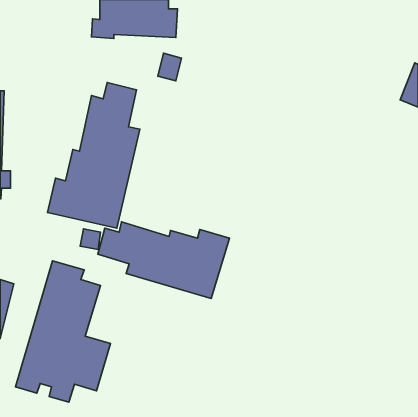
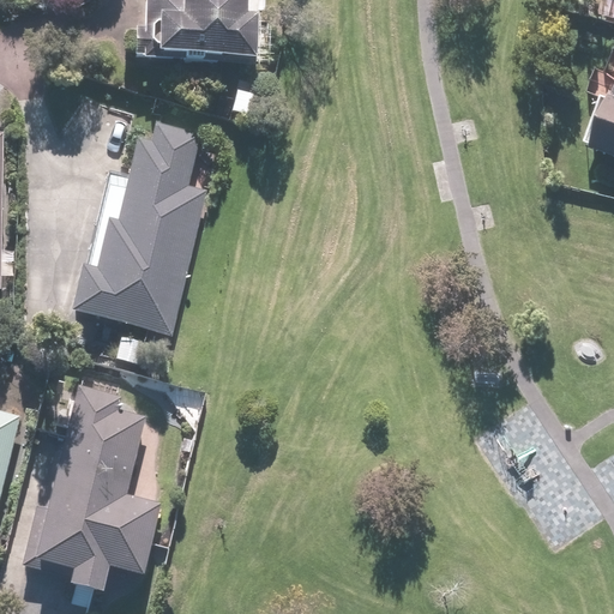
building: [98,222,229,298] -> none

